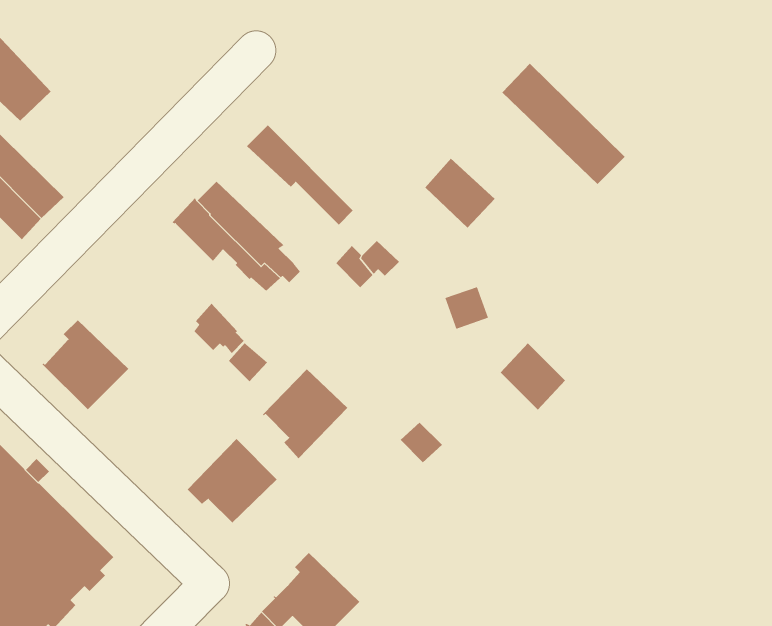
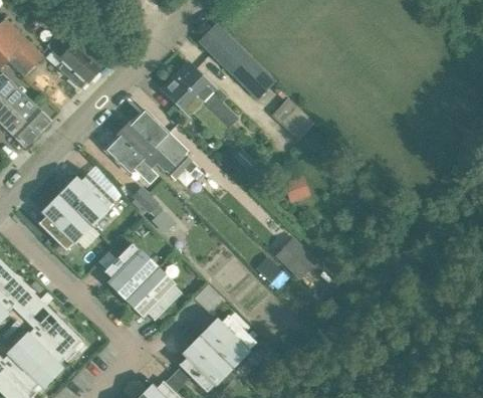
building: none -> [46,31,99,87]
building: [502,63,625,185] -> [198,23,273,97]
building: none -> [175,63,237,129]
building: none -> [105,137,157,183]
building: none -> [59,173,114,225]
building: [500,343,566,410] -> [274,238,314,279]
building: [262,368,348,459] -> [103,243,156,298]
building: none -> [200,315,255,367]

